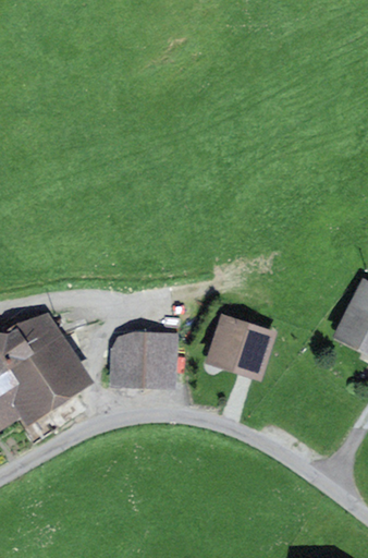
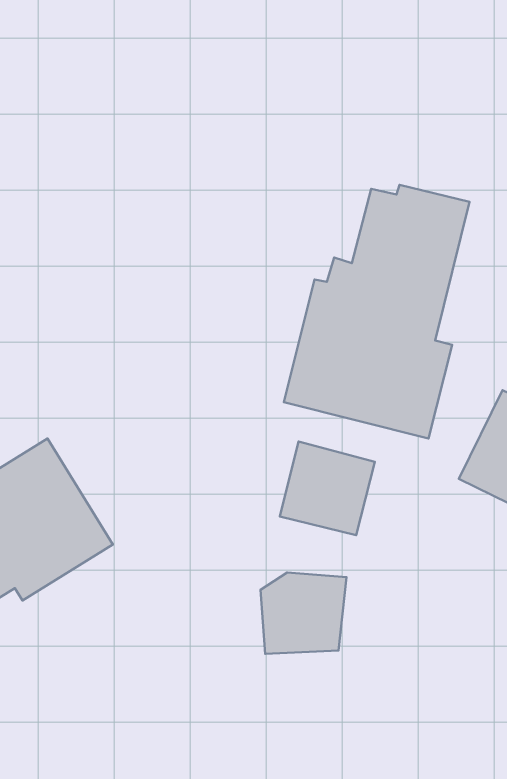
building: none -> [284,185,470,438]
building: [112,330,172,387] -> [261,573,346,654]

